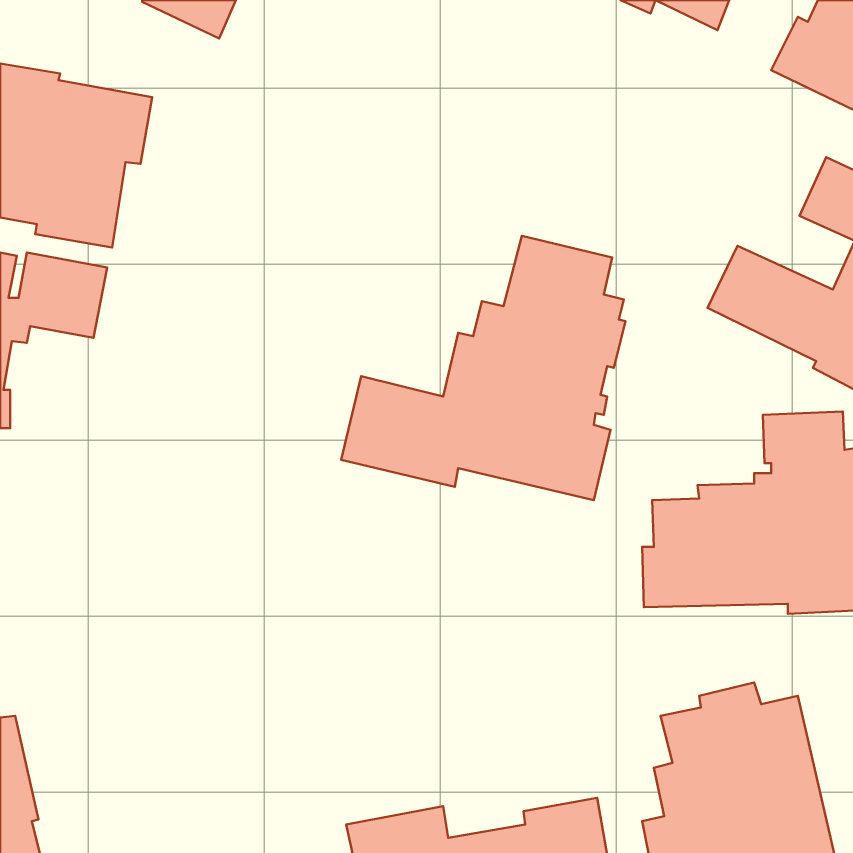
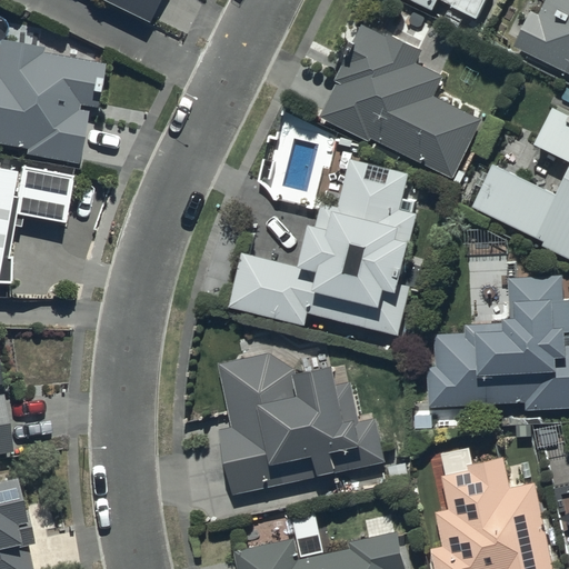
building: none -> [319,27,478,176]
building: none -> [217,352,383,495]

